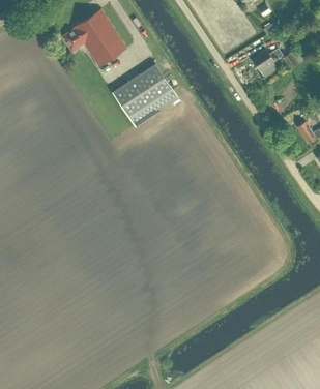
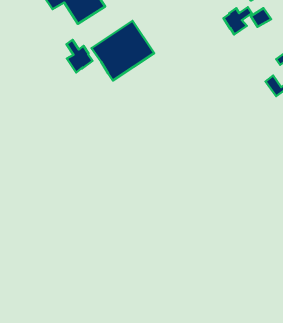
building: none -> [67,40,92,72]

